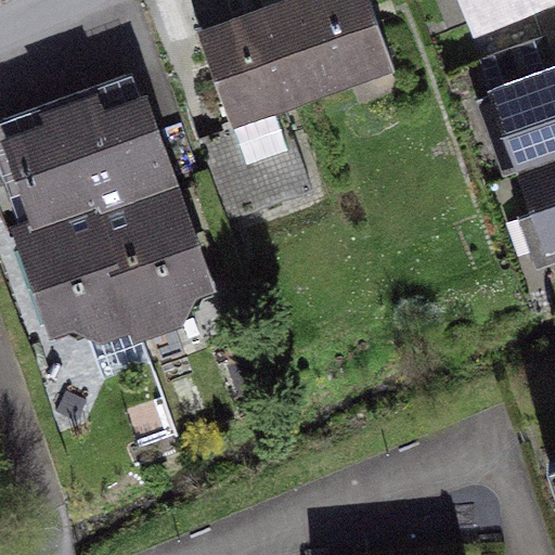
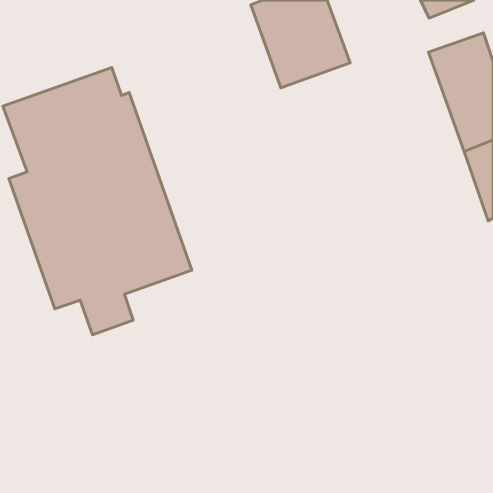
building: [201,5,315,221] -> none

